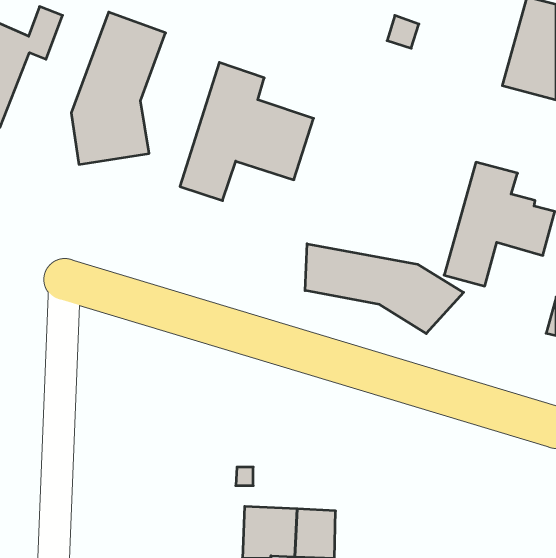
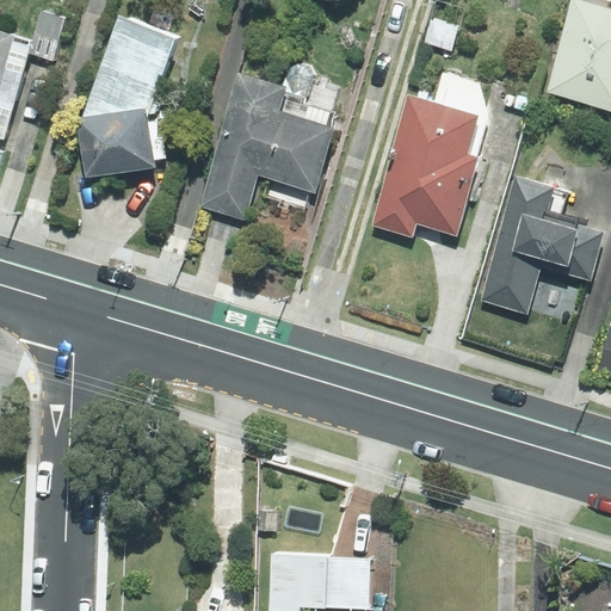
building: none -> [368,69,492,255]
building: [305,244,464,334] -> none

